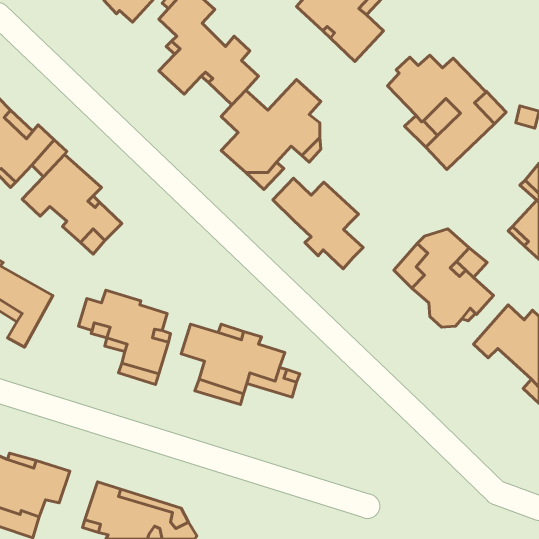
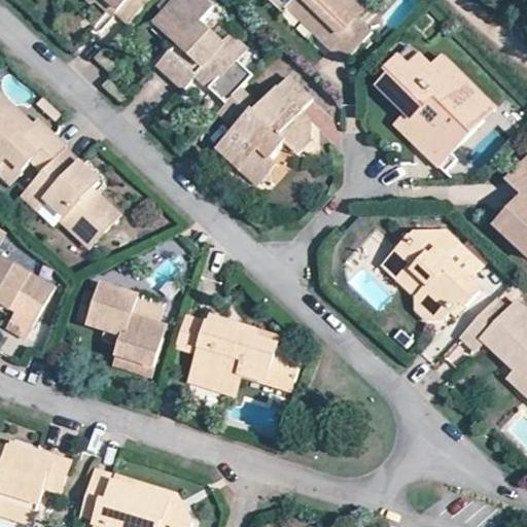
building: [273,178,363,269] -> none

